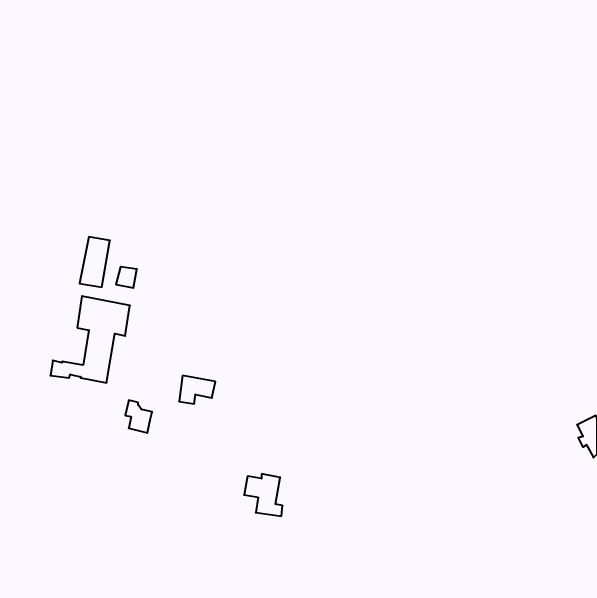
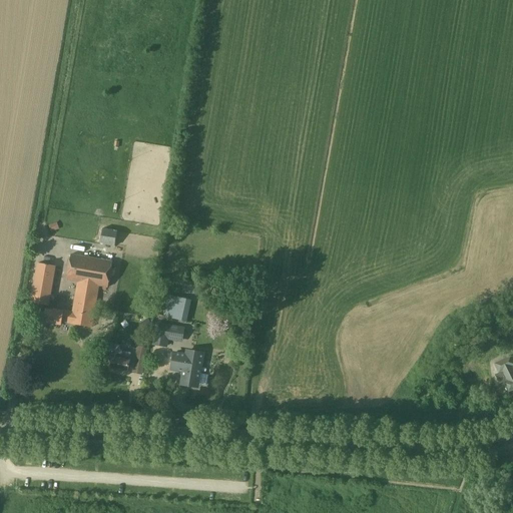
building: [80,237,110,287] -> [29,263,55,306]
building: none -> [163,296,190,322]
building: [244,474,283,516] -> [170,351,203,387]

